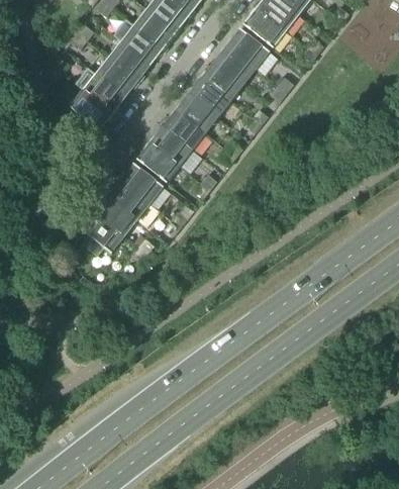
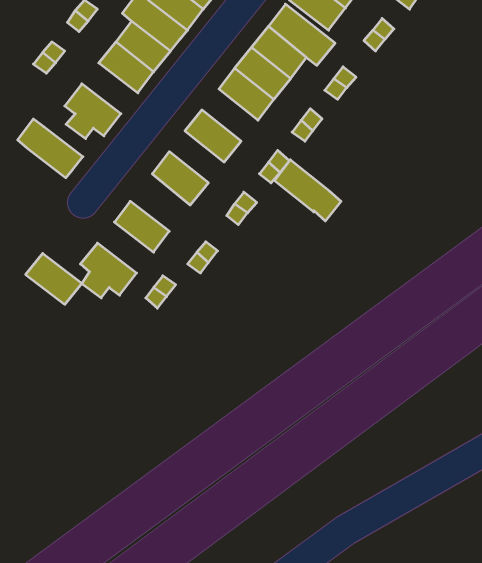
building: [78,63,128,108] -> [18,119,83,178]
building: [178,89,221,129] -> none
building: [153,121,204,169] -> [275,160,341,221]
building: [122,159,167,199] -> none
building: [97,192,140,231] -> [26,253,82,304]

